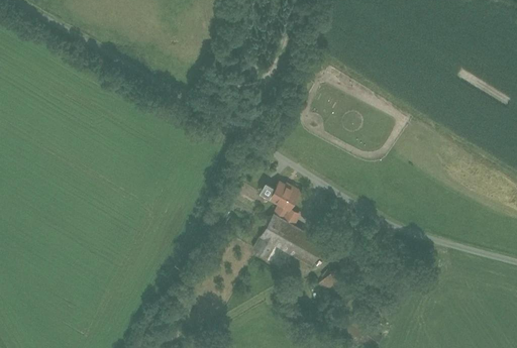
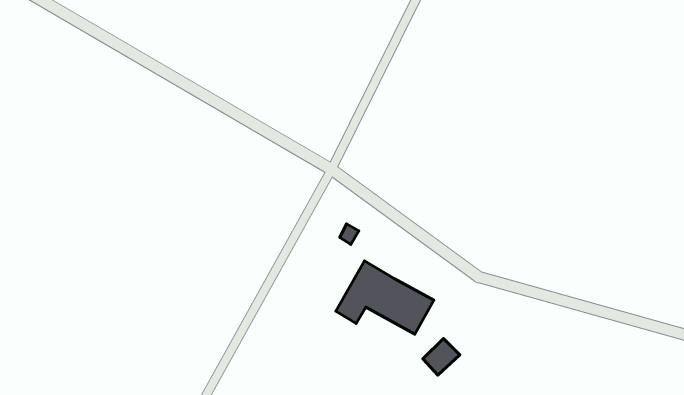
building: [269,182,302,227] -> none

